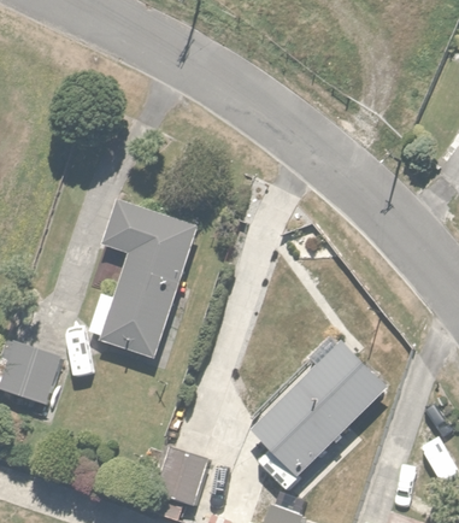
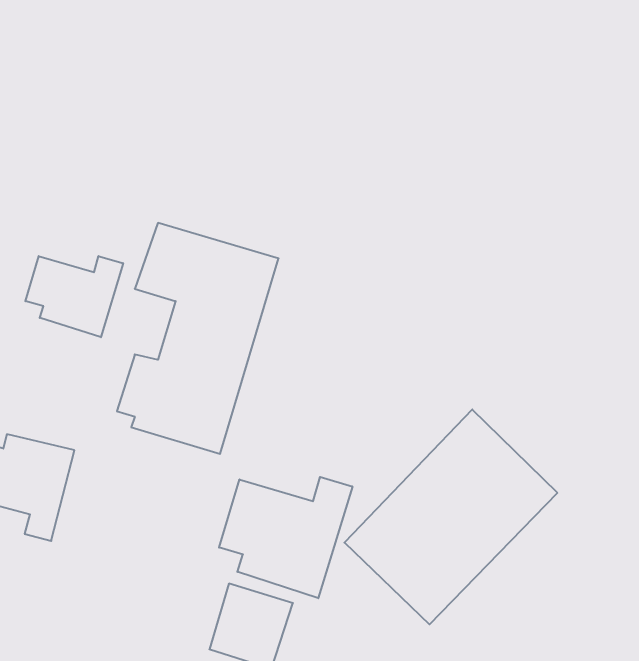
building: none -> [25,256,123,337]
building: none -> [219,477,352,598]

